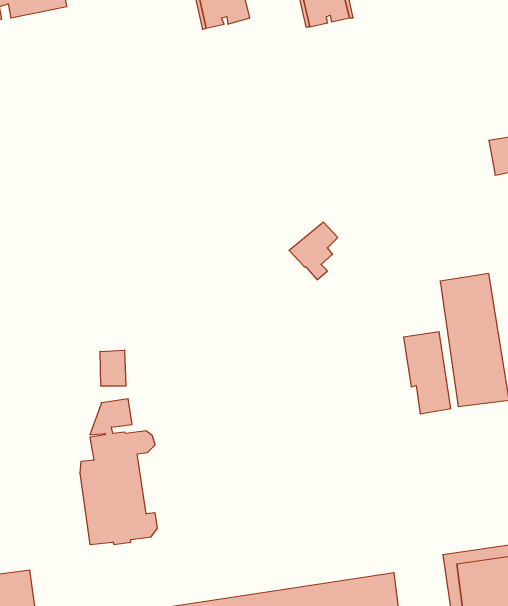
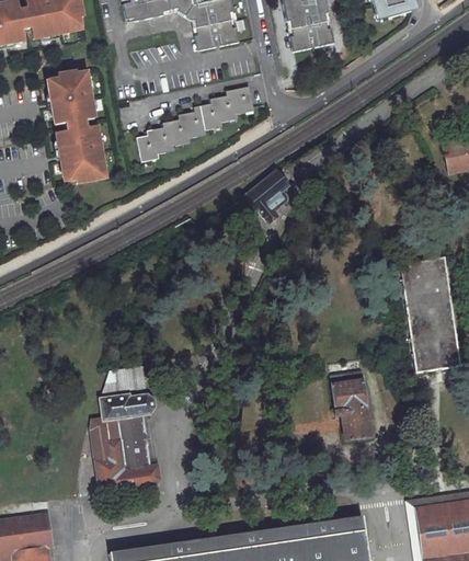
building: none -> [48,72,111,184]
building: none -> [138,85,253,162]
building: [289,222,338,280] -> [243,172,285,221]
building: [404,332,451,414] -> [329,370,369,440]
building: [100,350,126,386] -> none

